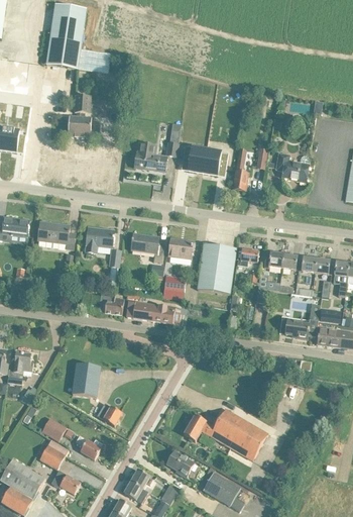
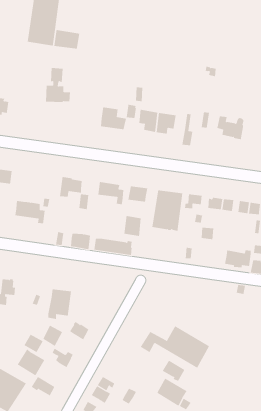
building: [37,220,75,248] -> [15,201,45,224]
building: none -> [42,325,63,347]
building: [165,449,194,476] -> [162,360,185,382]

